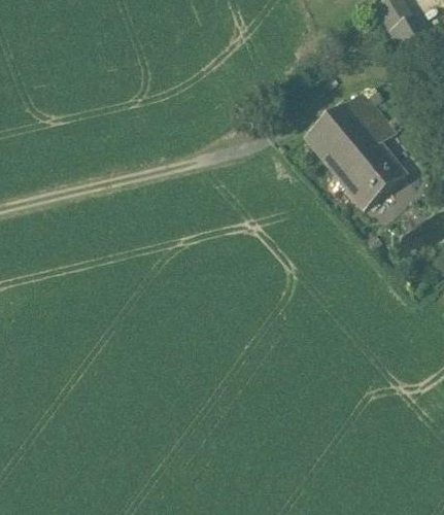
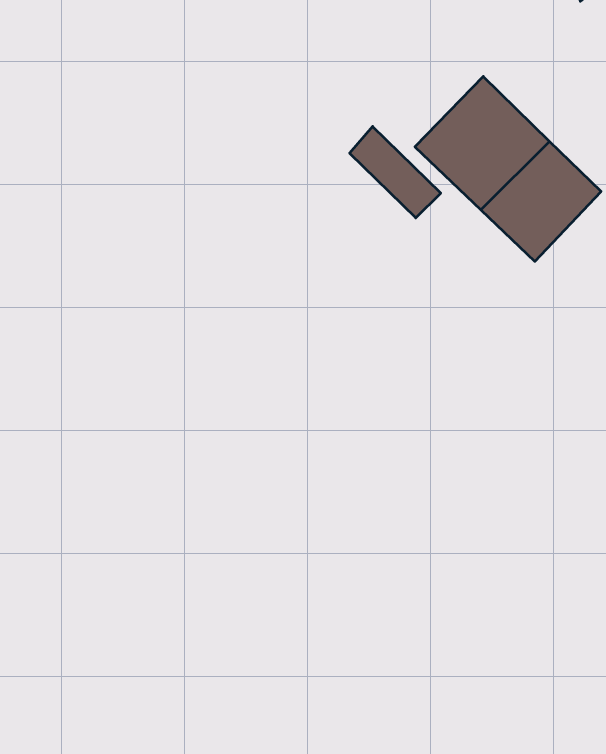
building: [347,89,396,142] -> [350,126,441,218]

